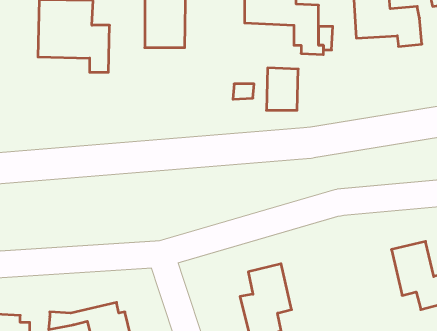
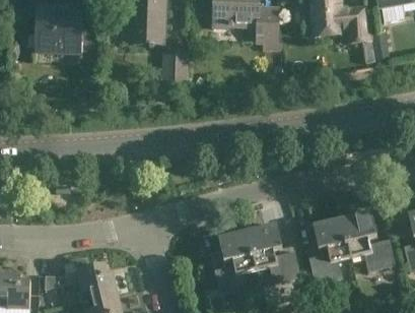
building: [266,68,298,110] -> [161,52,189,88]
building: none -> [307,218,350,283]
building: none -> [246,225,298,283]

